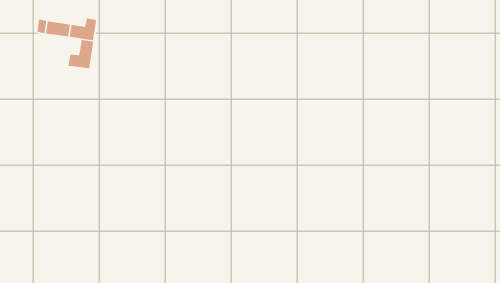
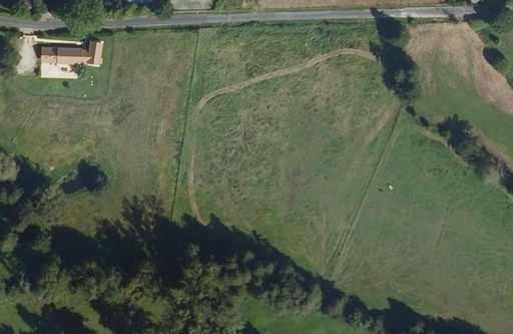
building: [68,39,94,69] -> none

